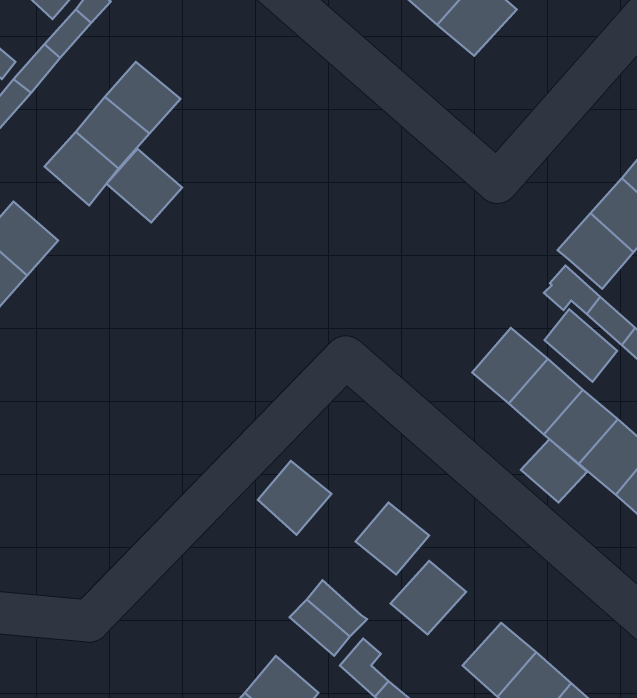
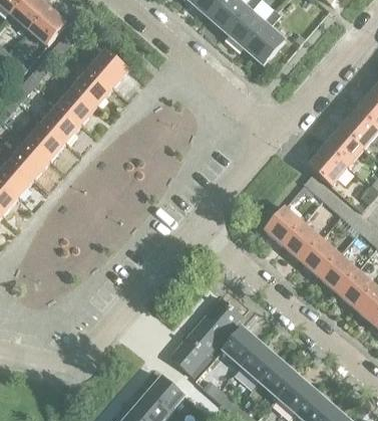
building: none -> [89,49,128,87]
building: [106,149,182,223] -> [26,123,65,161]
building: [545,309,617,382] -> none
building: [521,439,587,503] -> none
building: [258,461,332,535] -> [185,317,224,355]
building: none -> [240,343,278,381]

